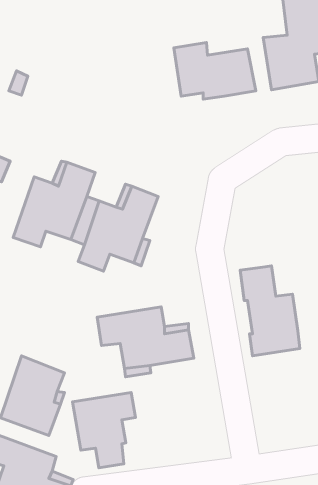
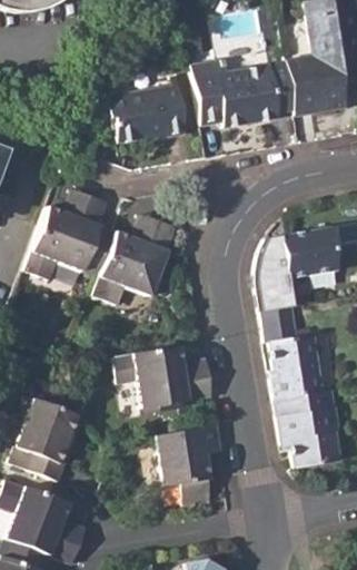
building: none -> [105,81,185,138]
building: none -> [257,225,339,306]
building: none -> [276,389,339,468]
building: [72,392,135,468] -> [155,425,221,505]

